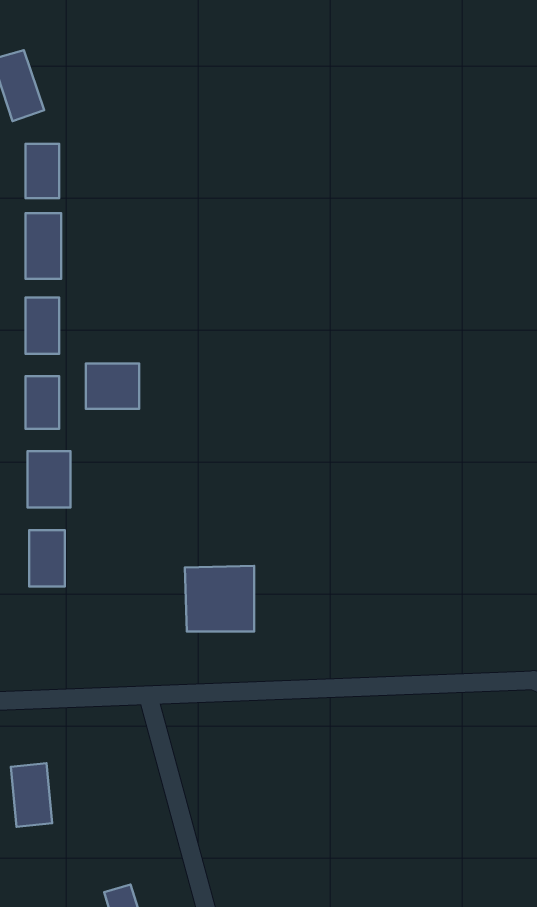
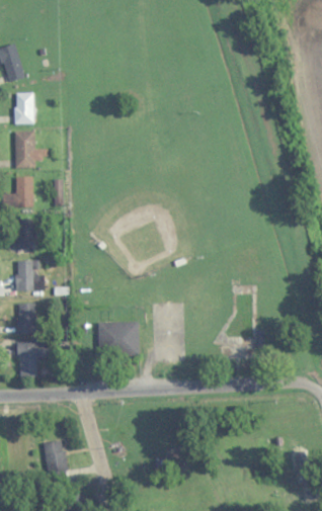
building: [86,363,139,409] -> none
building: none -> [18,342,52,377]
building: [11,763,52,827] -> [44,440,66,475]

